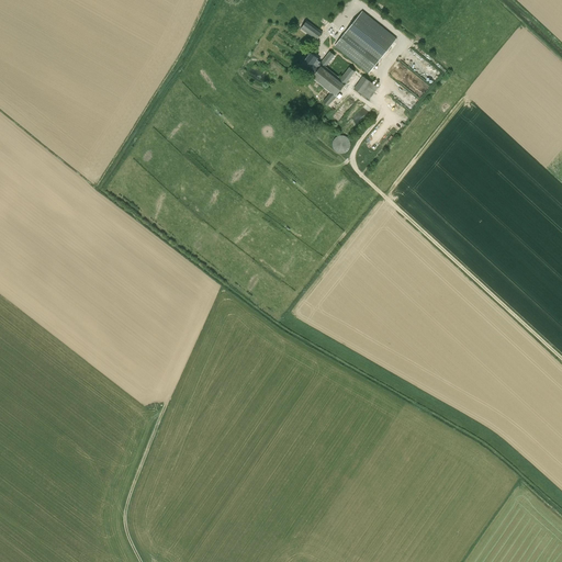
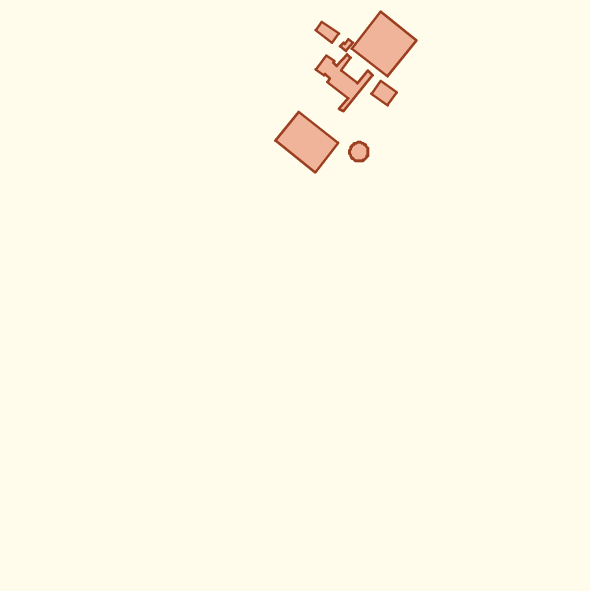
building: none -> [275,112,338,172]

